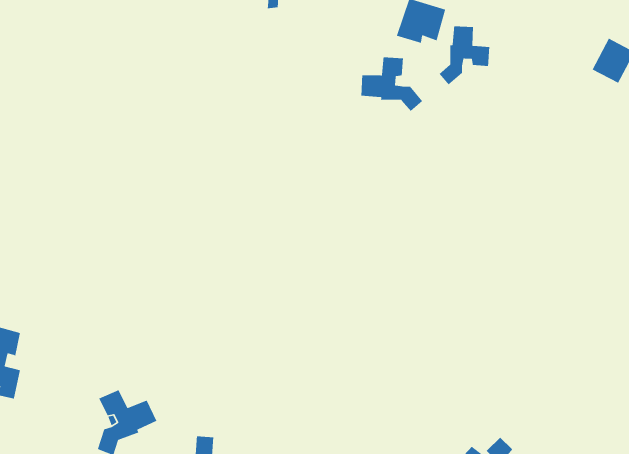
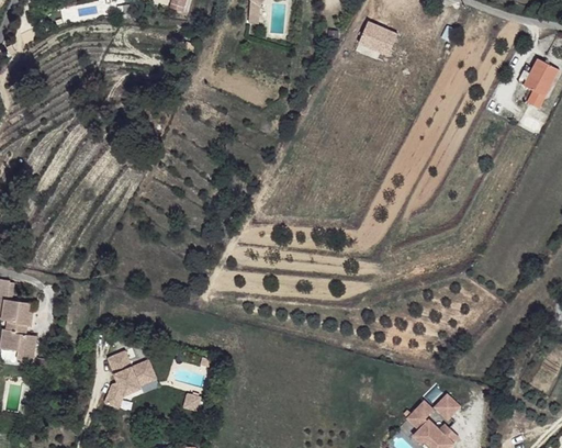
building: [439,26,490,85] -> none
building: [360,57,423,112] -> none

